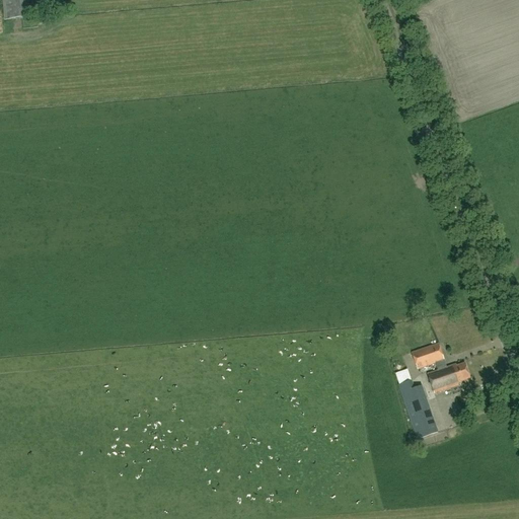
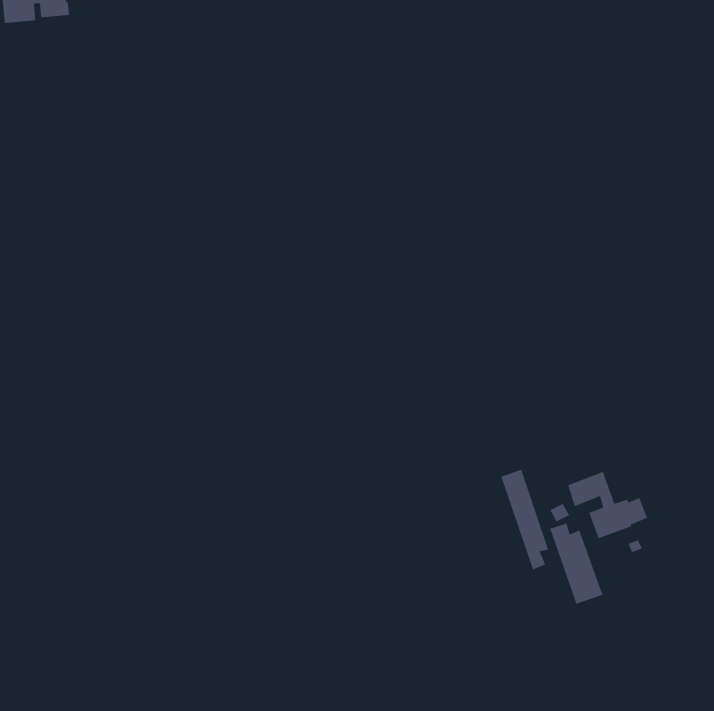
building: none -> [500,469,549,570]

